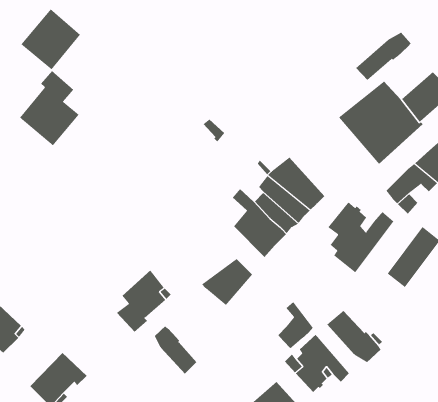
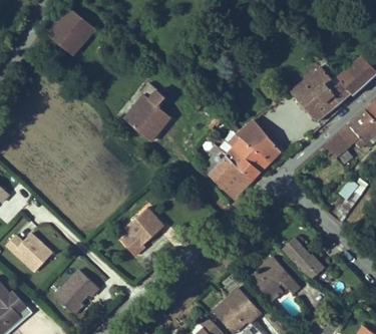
building: [355,32,412,81] -> none
building: [19,70,79,146] -> [123,82,169,140]
building: [327,201,394,273] -> none
building: [201,258,253,306] -> none
building: [277,301,313,349] -> none
building: [154,326,197,375] -> none

